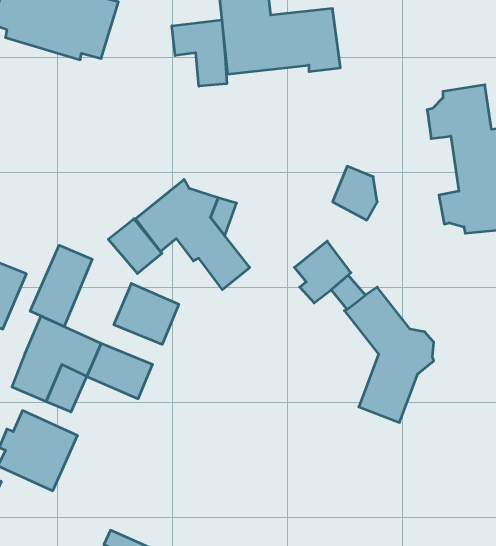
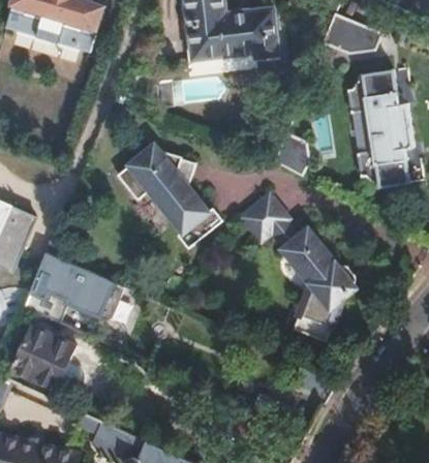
building: none -> [323,13,382,53]
building: [172,20,227,86] -> none
building: [108,219,162,274] -> none
building: [30,245,92,326] -> none
building: [114,283,179,344] -> none

